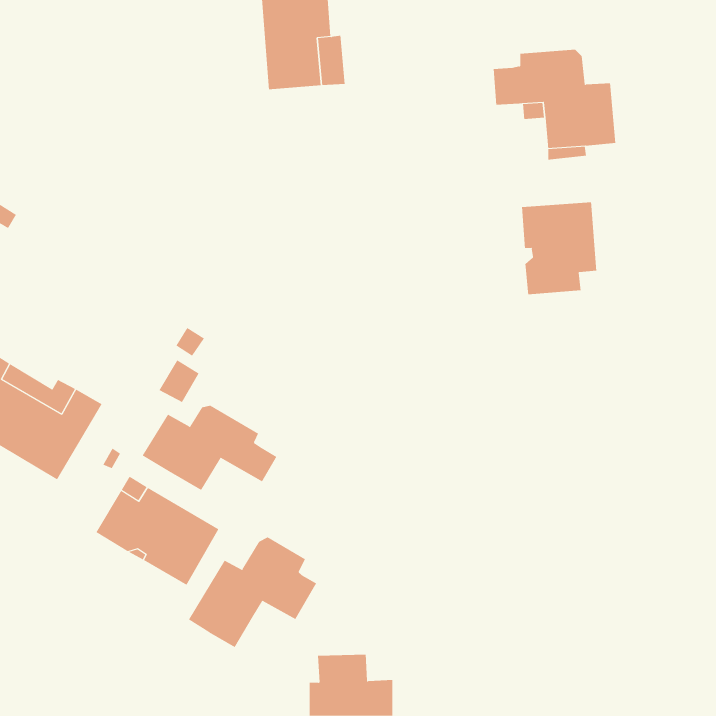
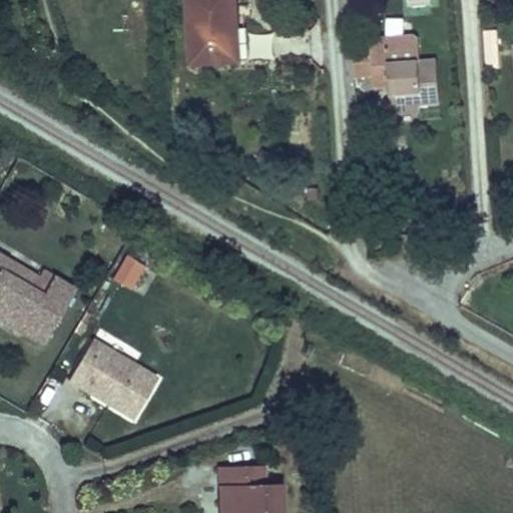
building: [521,202,597,295] -> none
building: [142,405,277,491] -> none
building: [188,536,317,648] -> none

